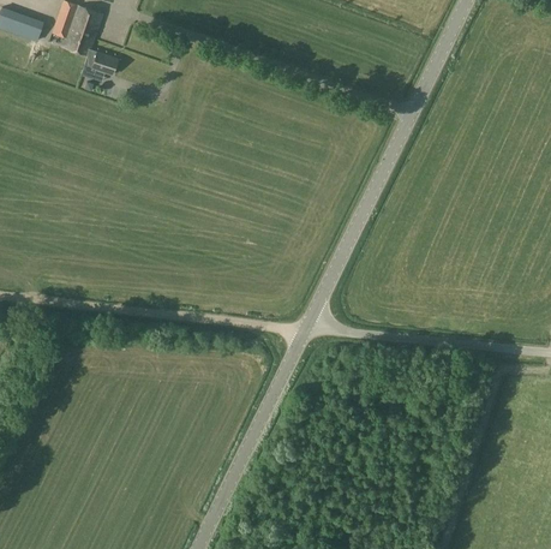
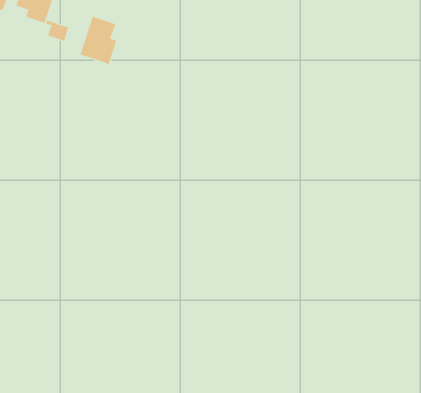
building: none -> [80,16,117,65]

